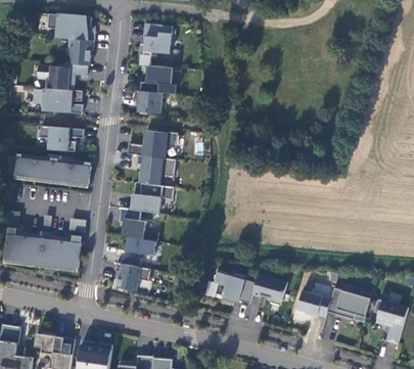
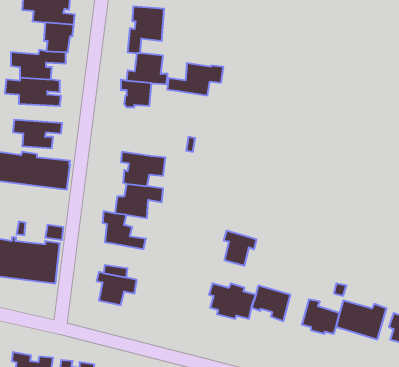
building: [127,130,177,158] -> [167,63,223,95]
building: none -> [224,231,256,266]
building: [125,236,155,256] -> none

